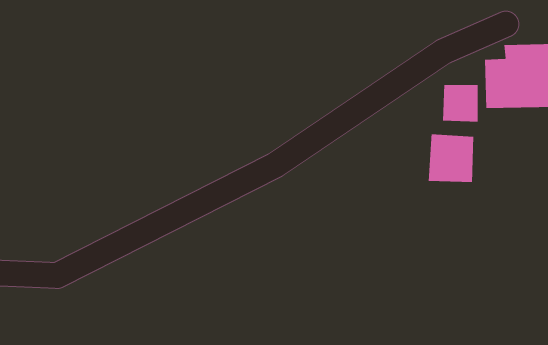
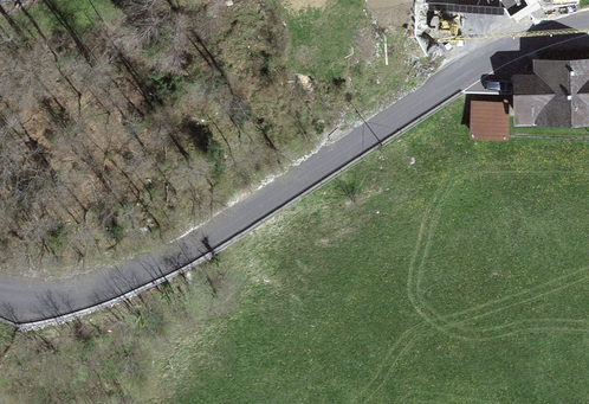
building: [428,133,474,183] -> none

